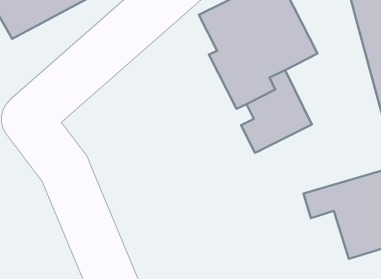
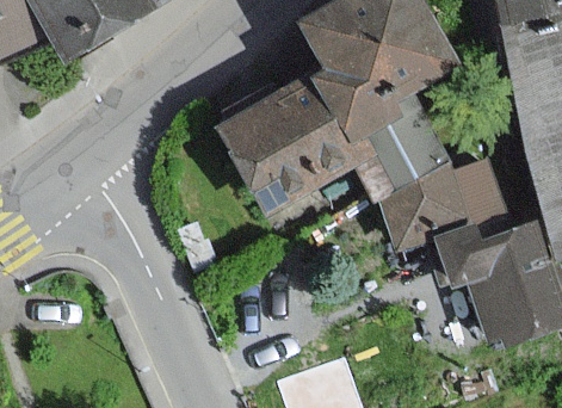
building: none -> [218,74,371,212]
building: none -> [377,161,504,253]

